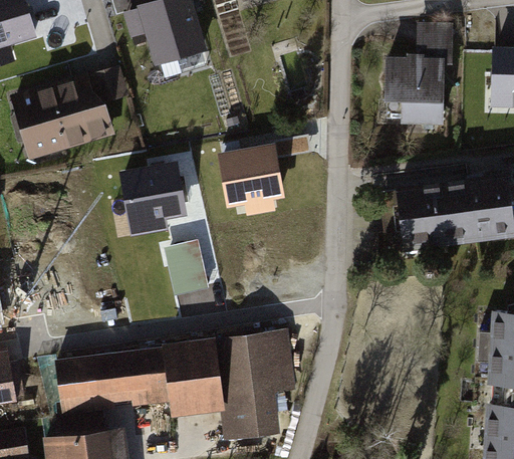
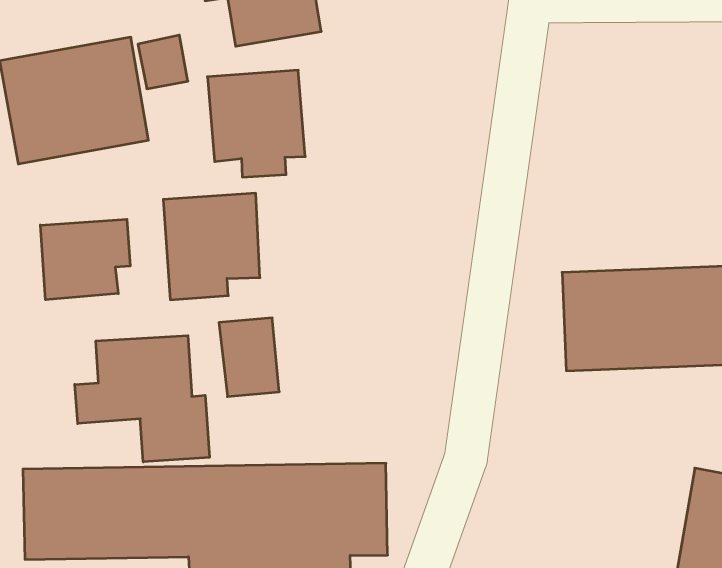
building: [382,25,453,127] -> none
building: [223,143,292,216] -> [207,70,305,177]
building: none -> [40,219,130,300]
building: none -> [75,336,209,462]

